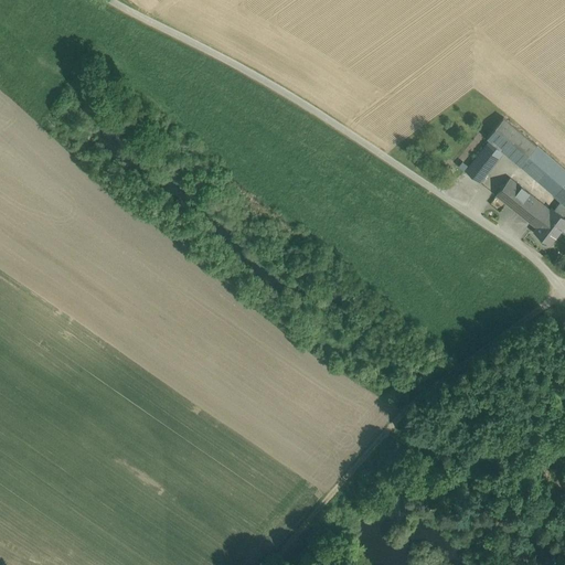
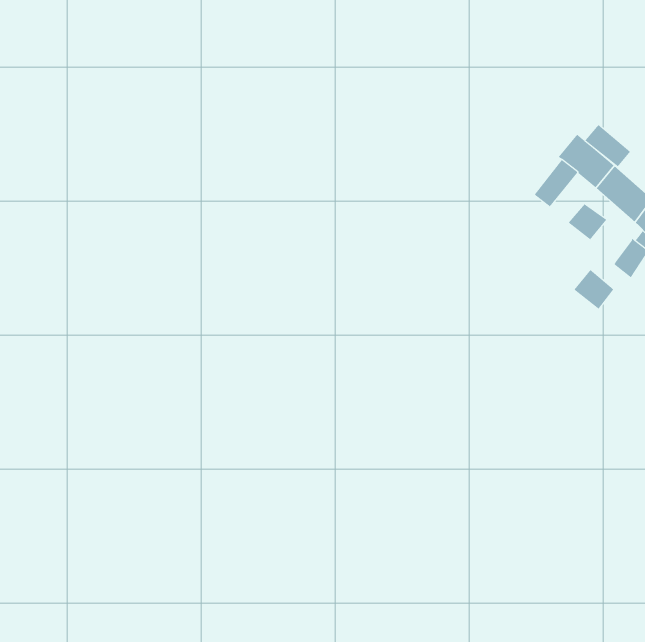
building: none -> [585,124,631,167]
building: [516,195,552,231] -> [574,269,614,310]

